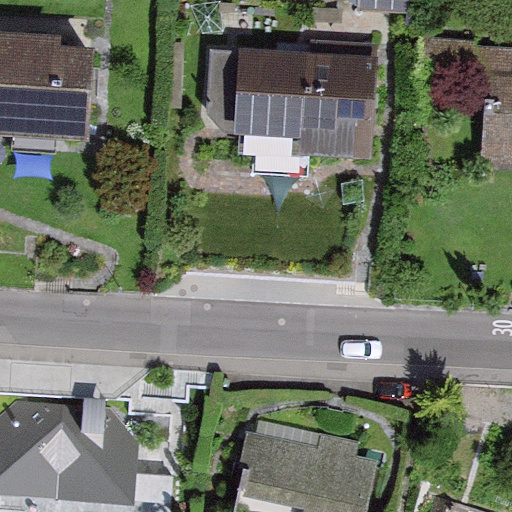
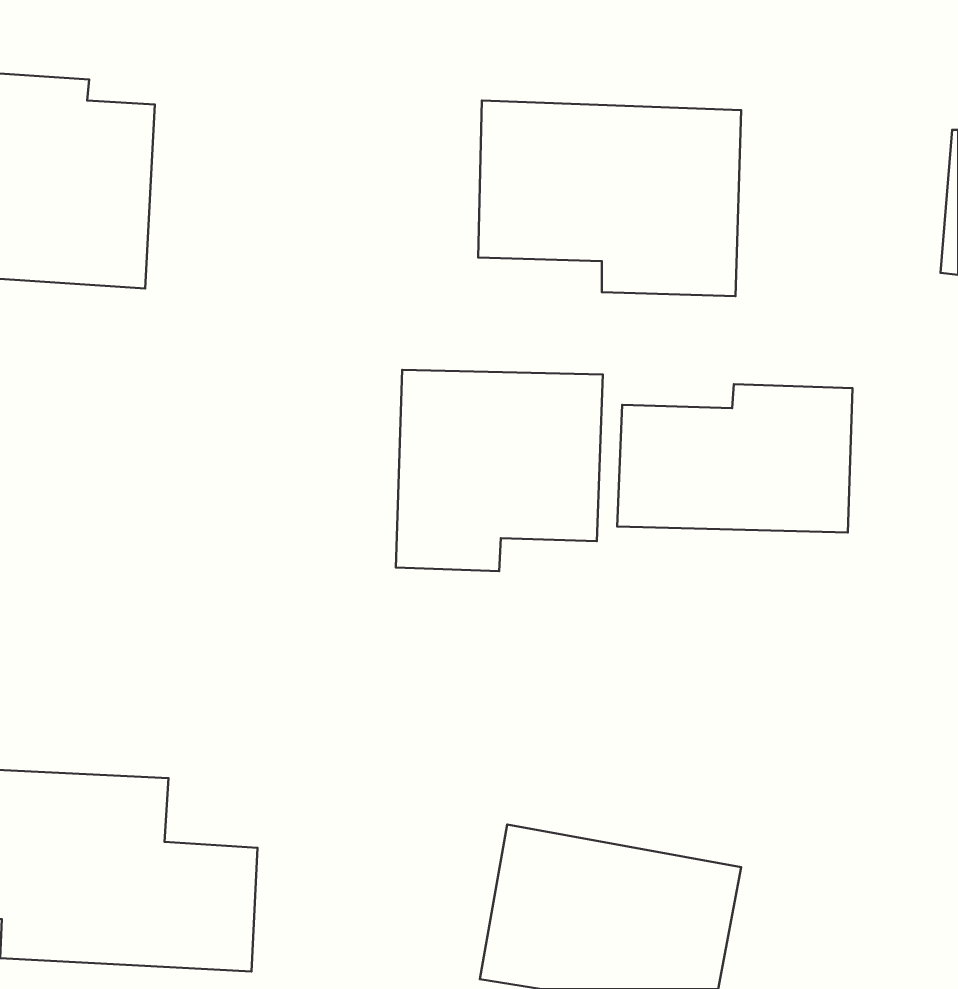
building: none -> [396,370,603,571]
building: none -> [617,384,852,532]

